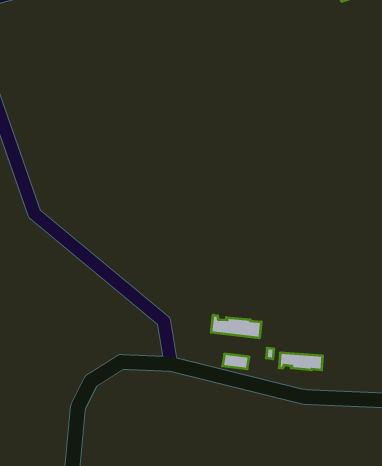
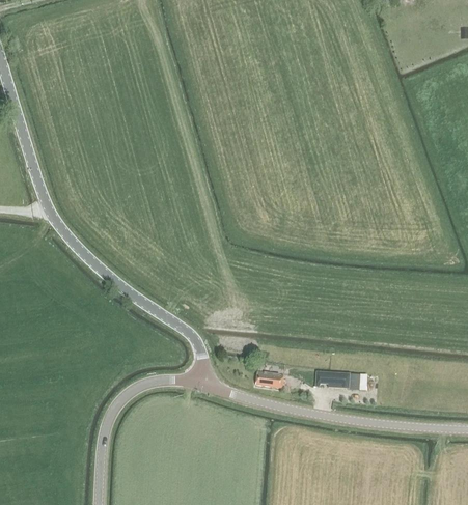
building: [211,315,261,338] -> none

